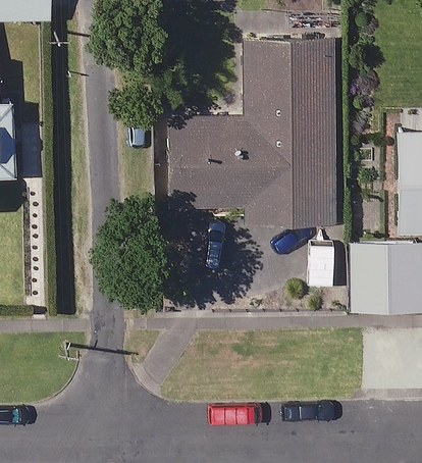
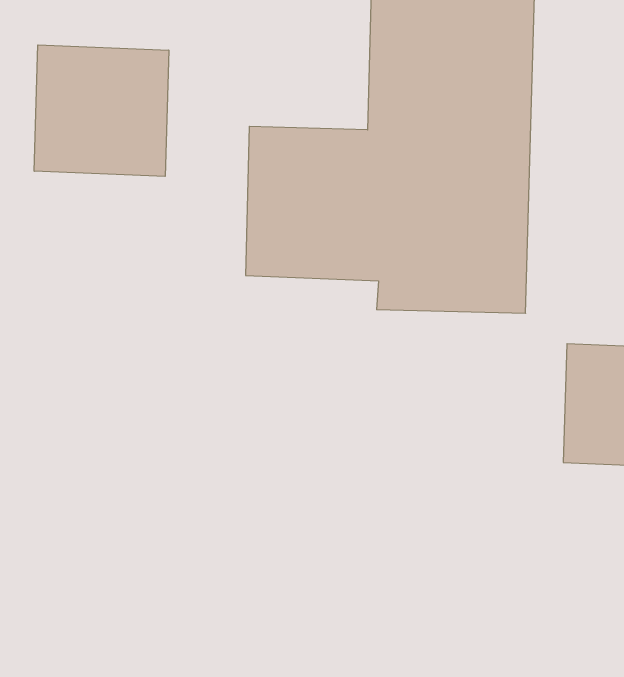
building: none -> [34,45,169,176]

